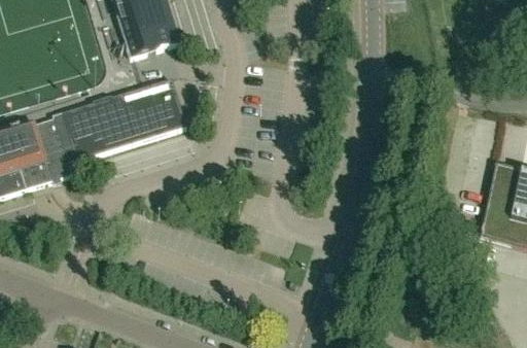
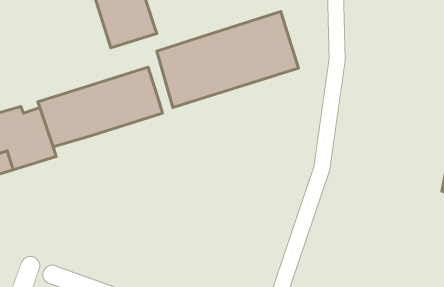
building: none -> [157,12,298,108]

